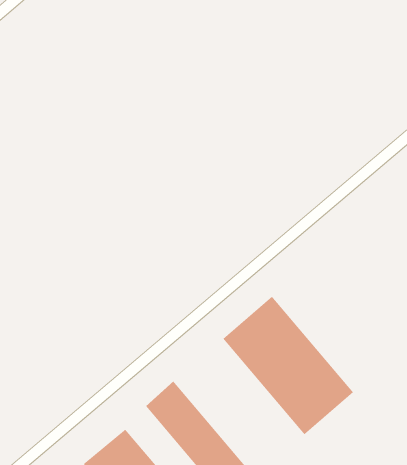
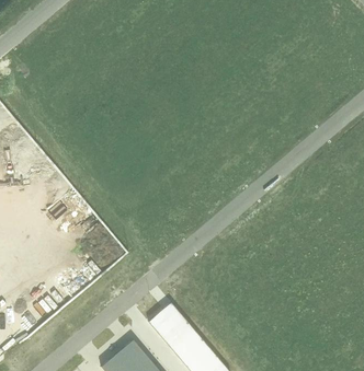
building: [223,296,354,435] -> none

